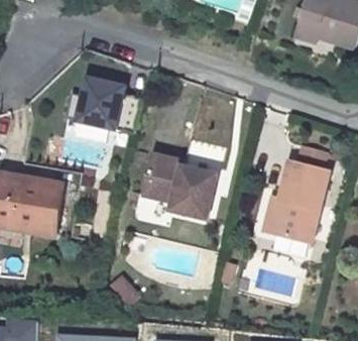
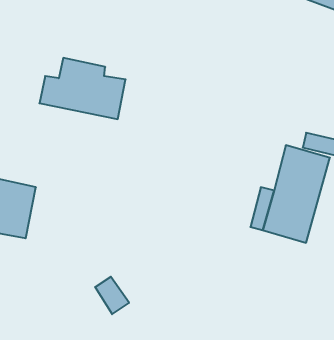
building: [142,156,217,224] -> none

